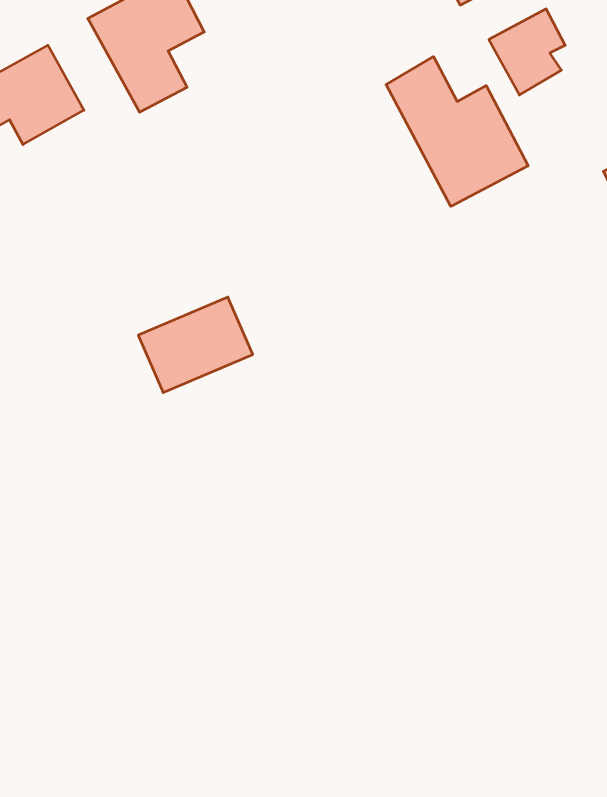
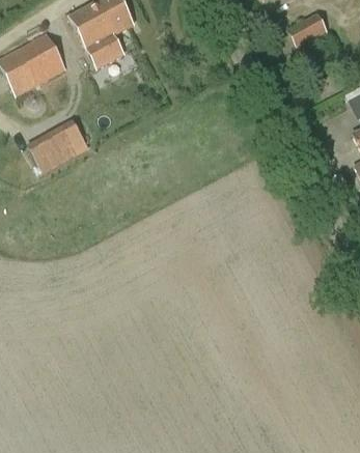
building: [386,57,528,206] -> none
building: [138,297,253,393] -> [33,117,95,169]

